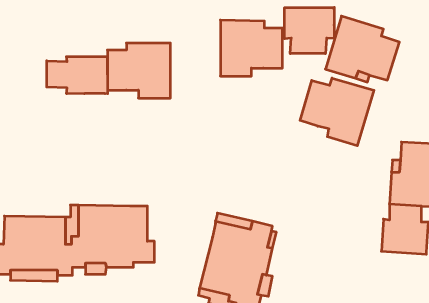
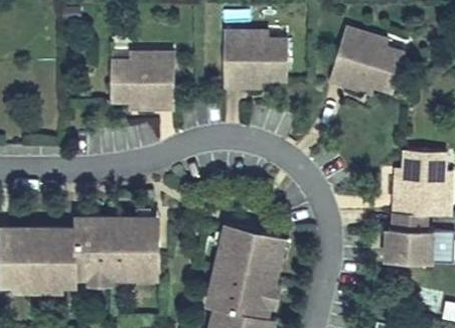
building: [285,7,334,54] -> none
building: [47,57,108,94] -> none
building: [300,78,374,146] -> none

